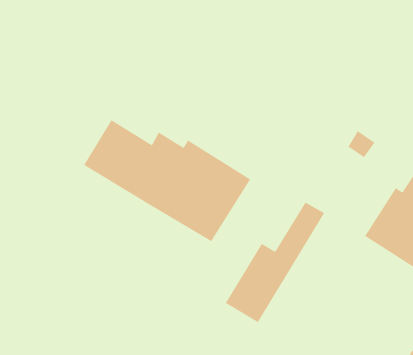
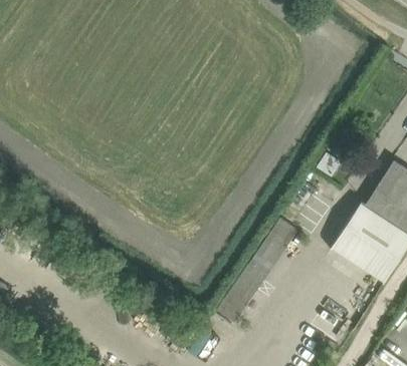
building: [83,119,251,242] -> none

